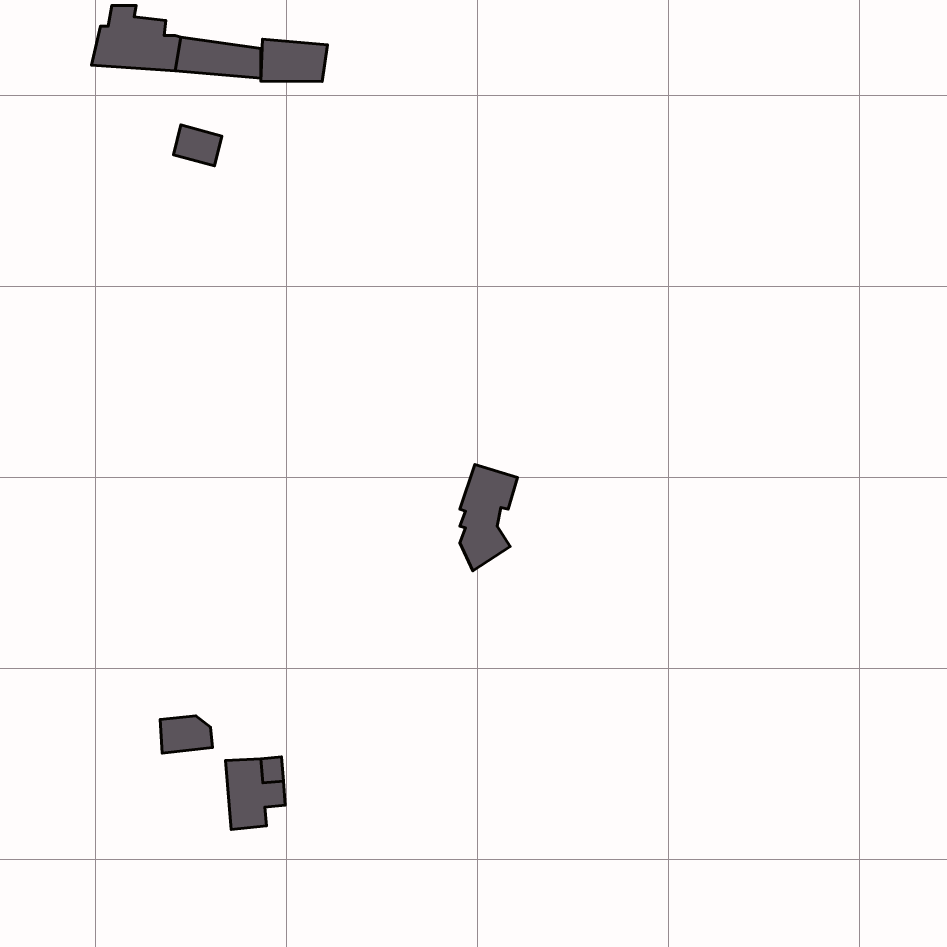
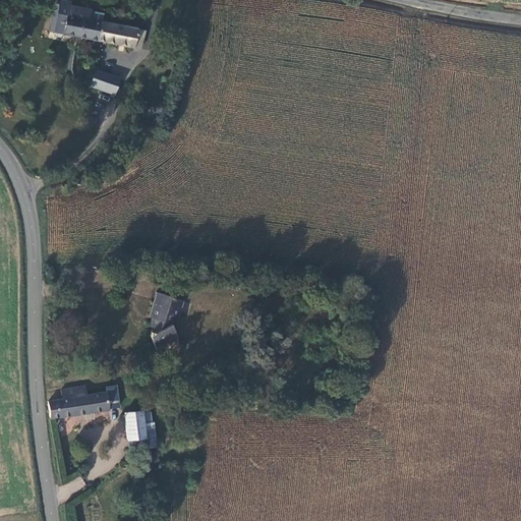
building: [261,39,327,81] -> none
building: [460,465,518,571] -> [149,293,180,351]
building: none -> [50,385,92,414]

